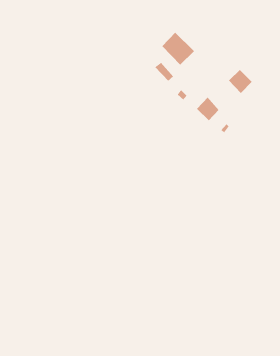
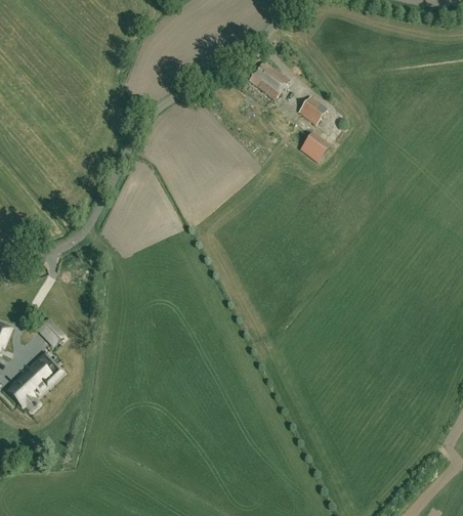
building: [228,69,253,94] -> [298,96,328,126]

